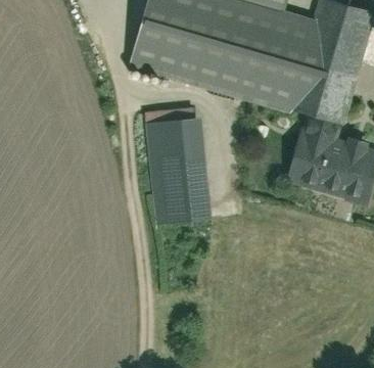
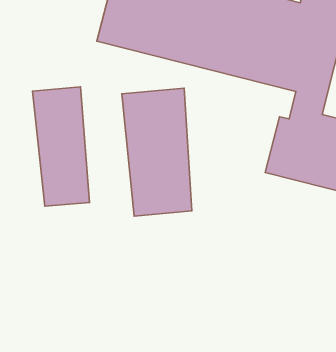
building: none -> [32,87,90,206]

